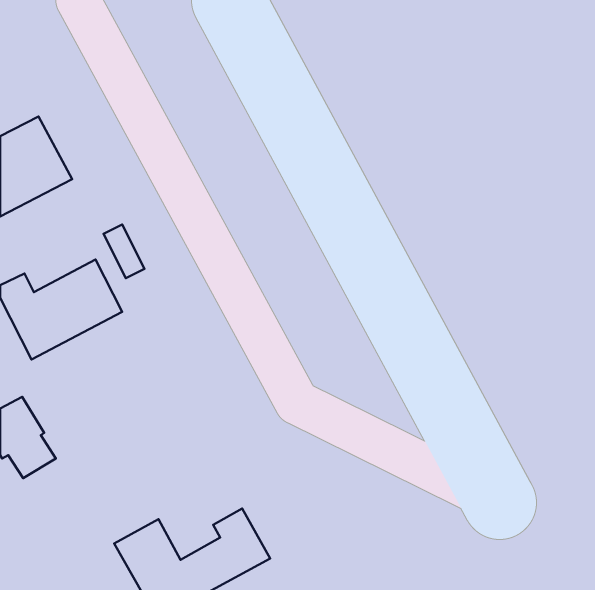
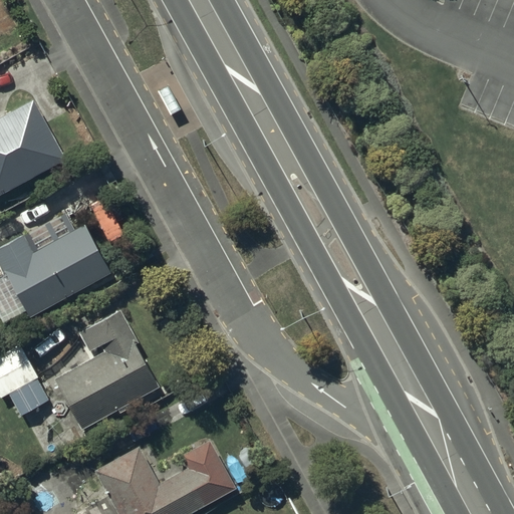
building: none -> [56,312,157,426]

